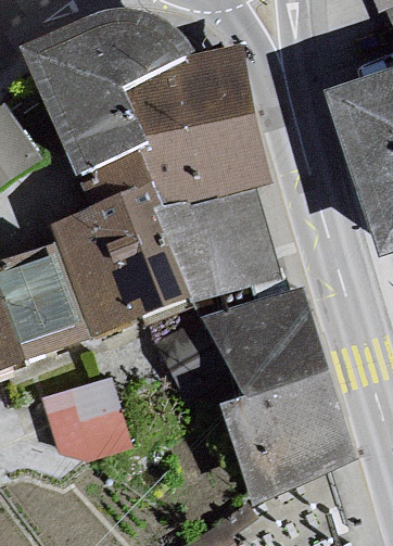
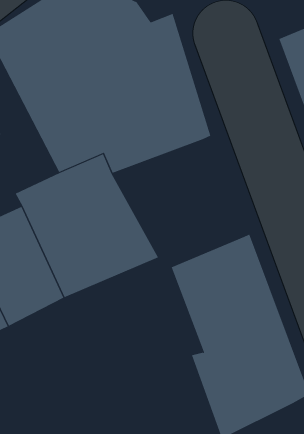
building: [155,180,290,313] -> none
building: [35,367,143,464] -> none

